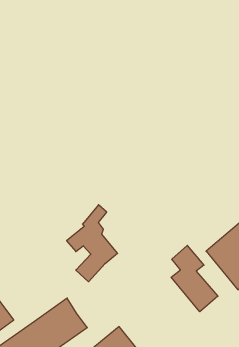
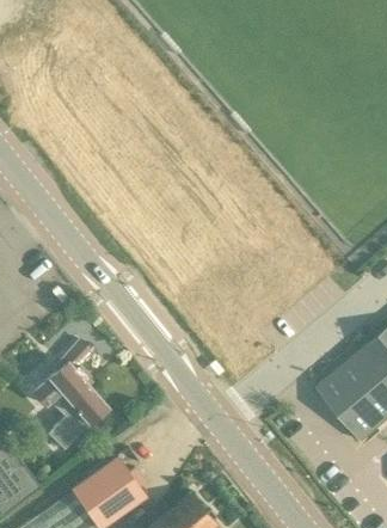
building: [67,205,118,282] -> [32,339,105,449]
building: [171,245,218,312] -> none

